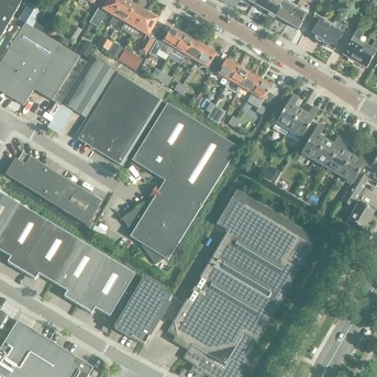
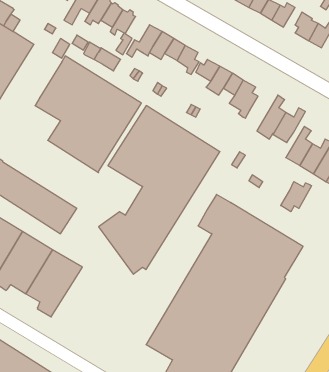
building: [33,44,87,104] -> none
building: none -> [281,182,312,212]
building: [77,256,135,315] -> none
building: [113,277,171,343] -> none

